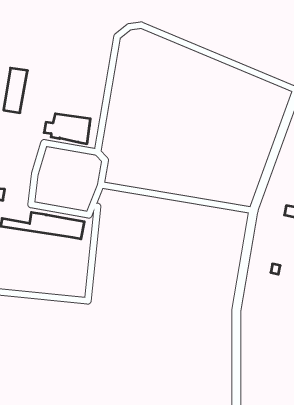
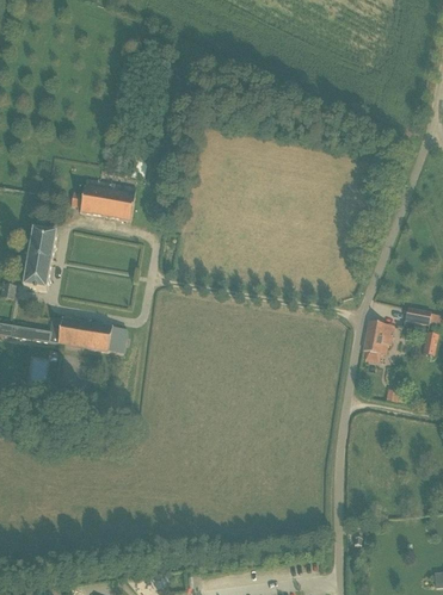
building: [4,68,28,113] -> [23,229,56,291]
building: none -> [363,321,394,355]

